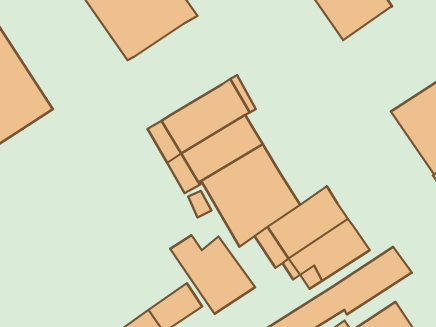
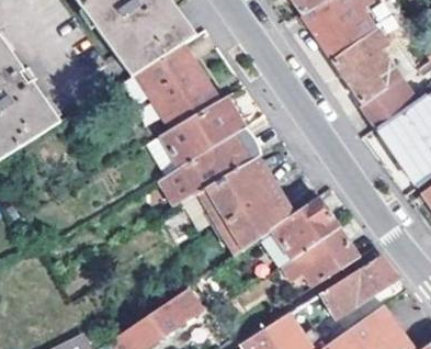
building: none -> [333,29,416,126]
building: none -> [137,44,219,130]
building: [170,235,255,314] -> none

